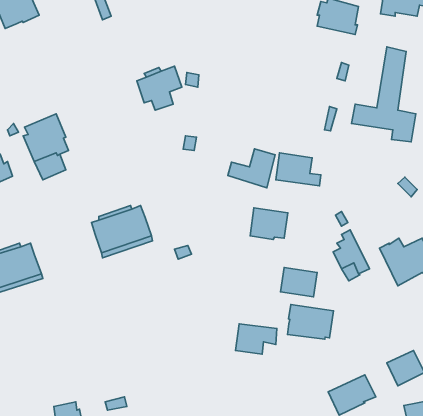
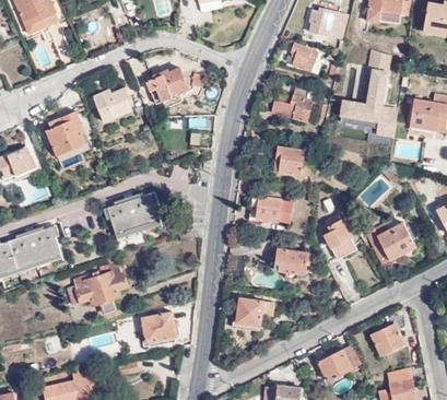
building: none -> [291,43,317,70]
building: none -> [92,87,131,121]
building: [228,149,275,188] -> [271,87,314,122]
building: none -> [66,262,128,311]
building: [288,305,334,339] -> none
building: none -> [140,313,176,343]

